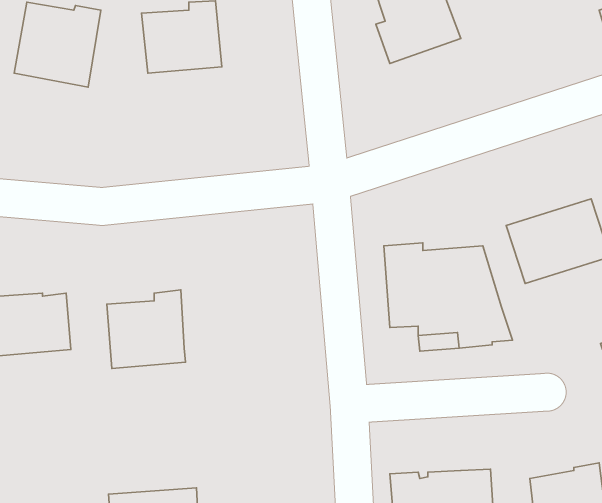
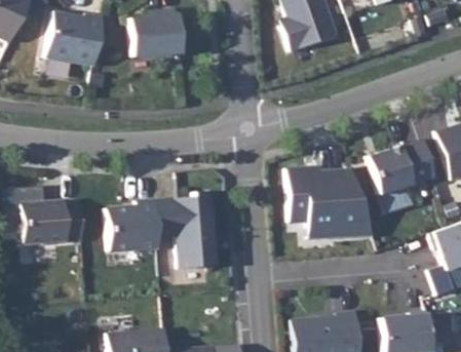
building: none -> [156,190,220,268]

